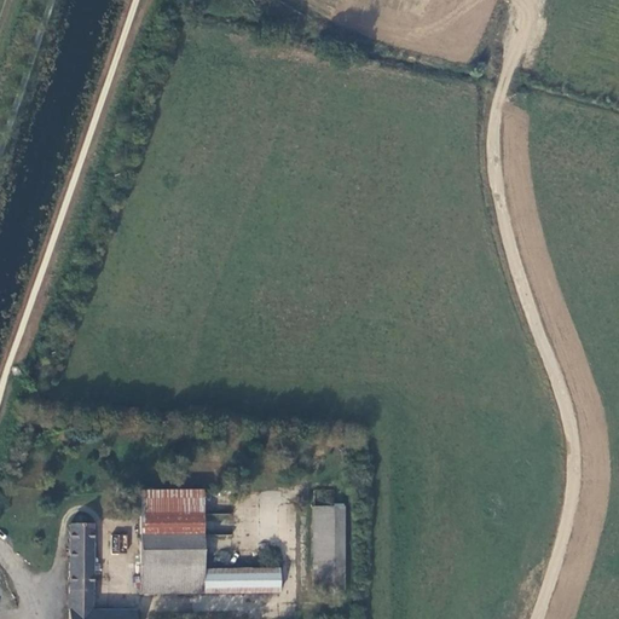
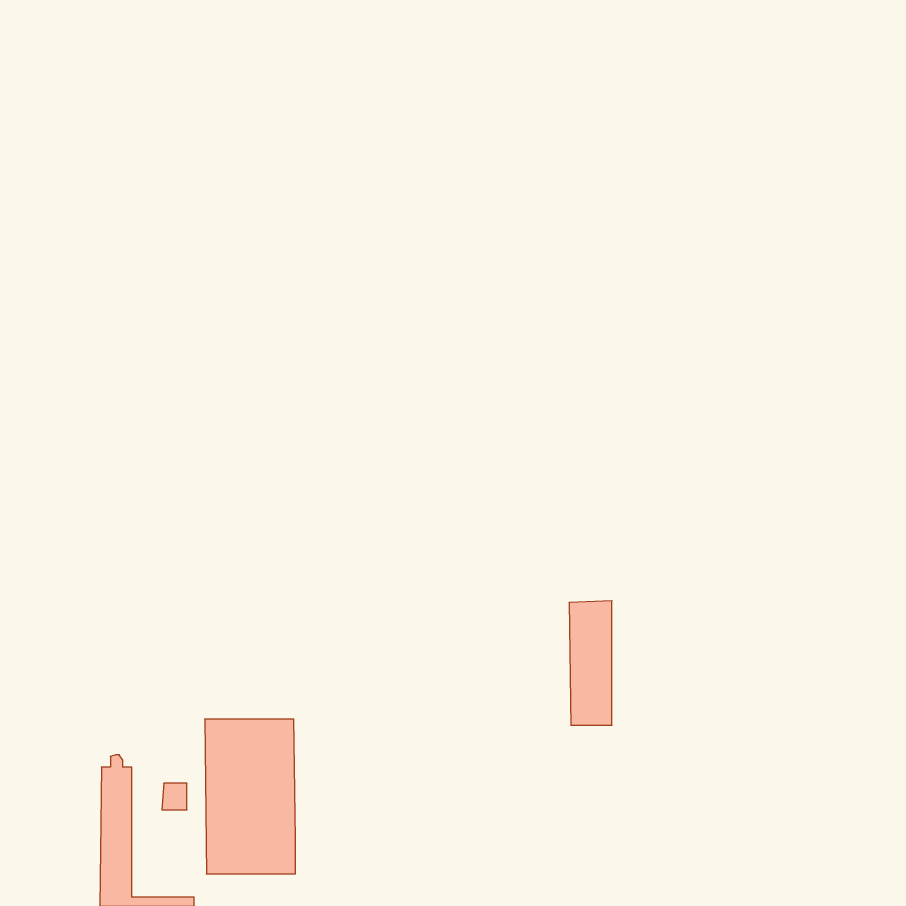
building: [316,505,345,590] -> [569,601,612,725]
building: [203,568,280,594] -> none

